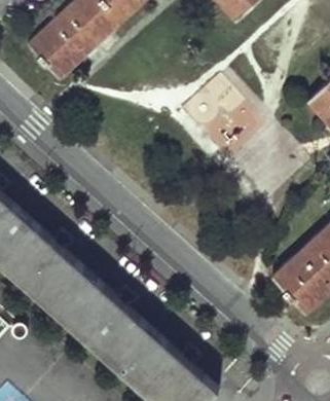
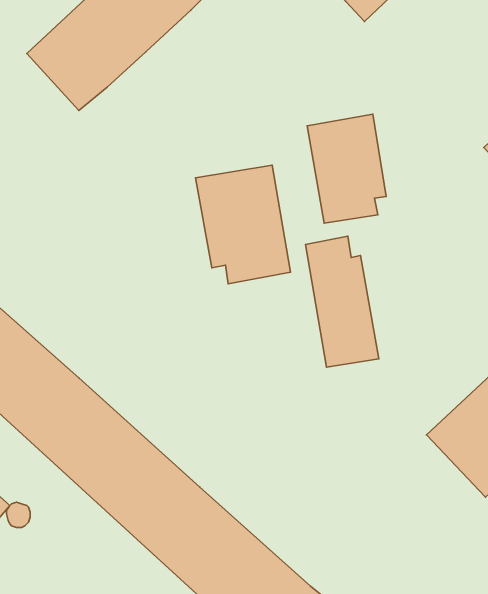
building: none -> [196,165,291,284]
building: none -> [305,236,379,367]

